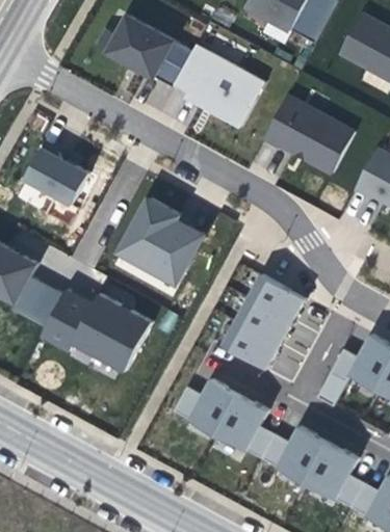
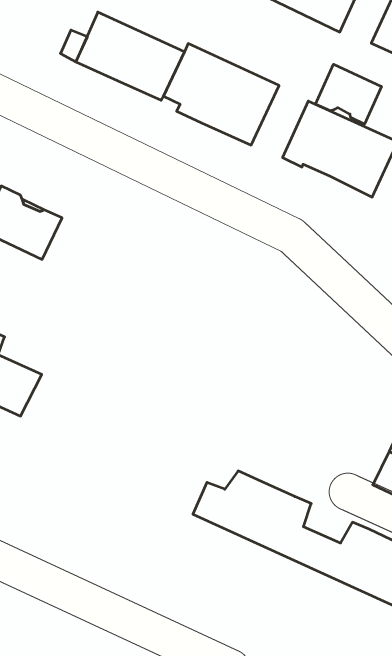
building: none -> [315,64,381,124]
building: [120,197,204,283] -> none
building: [222,274,306,369] -> none
building: [42,289,152,371] -> none

